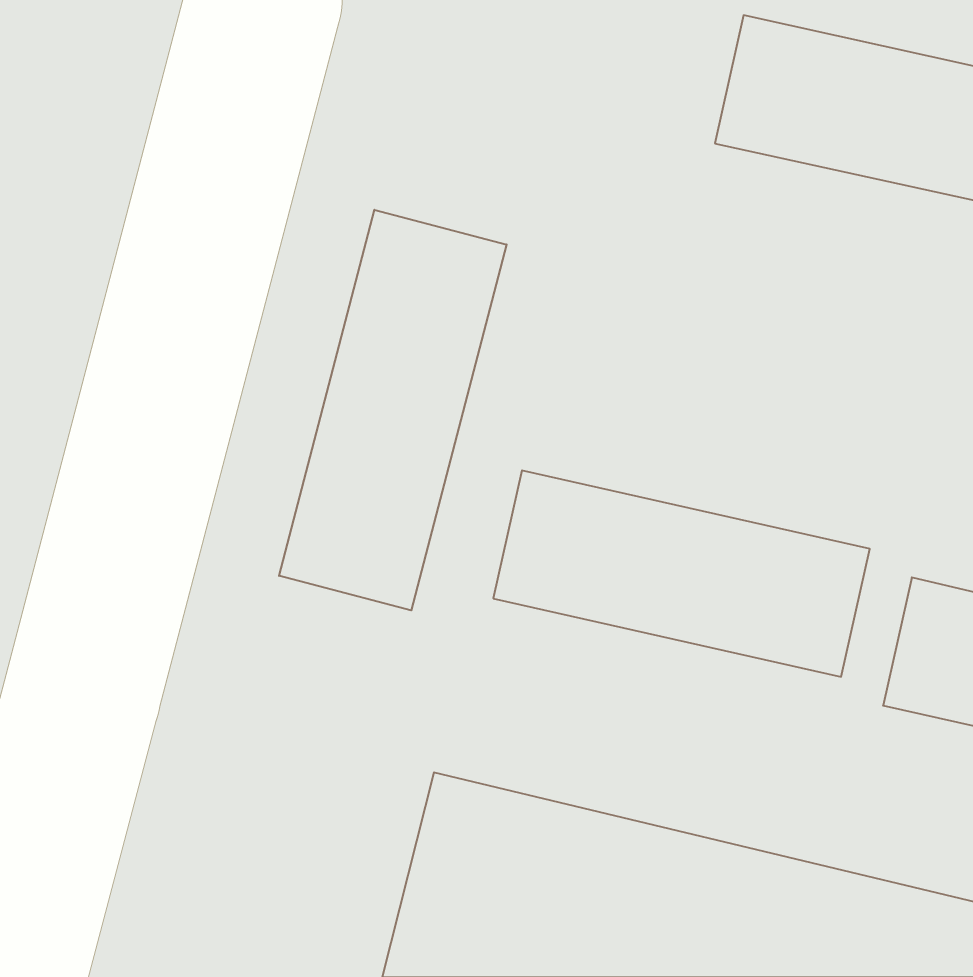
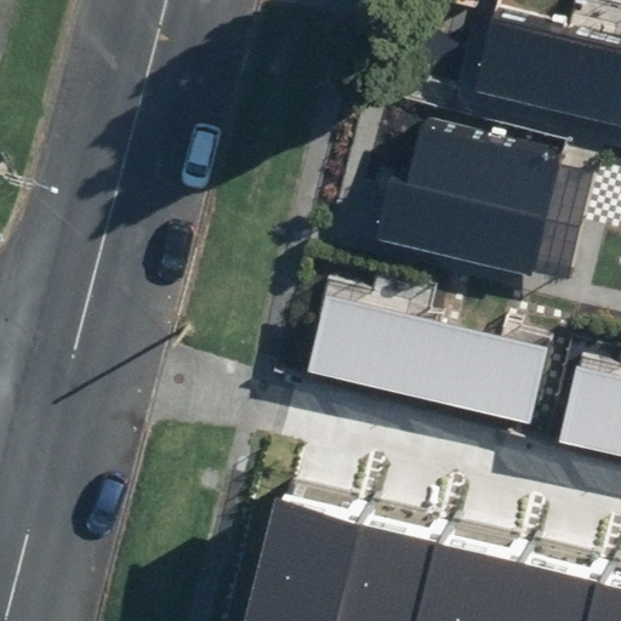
building: none -> [388,126,565,280]
building: [279,210,507,610] -> none

